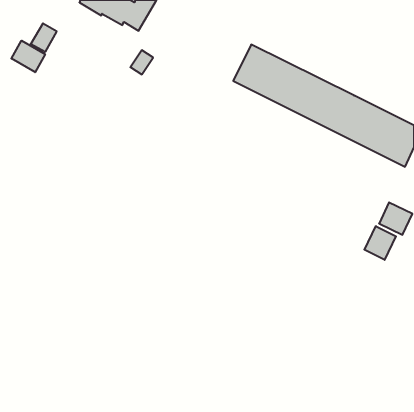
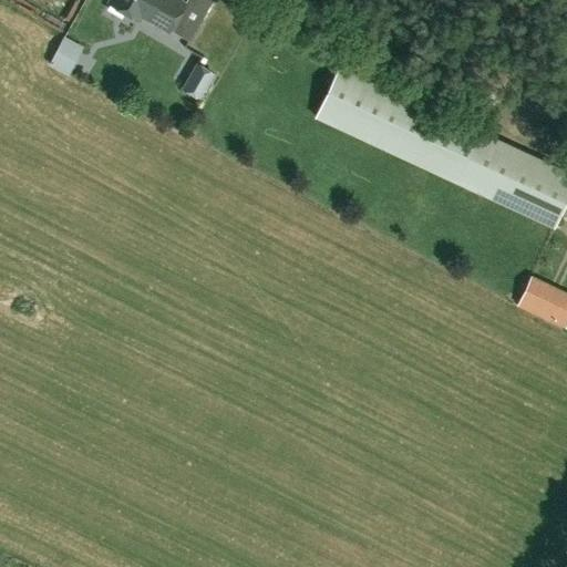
building: [11,41,45,72] -> none
building: [364,226,396,260] -> none

